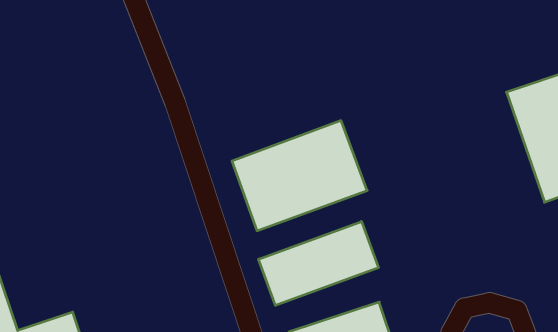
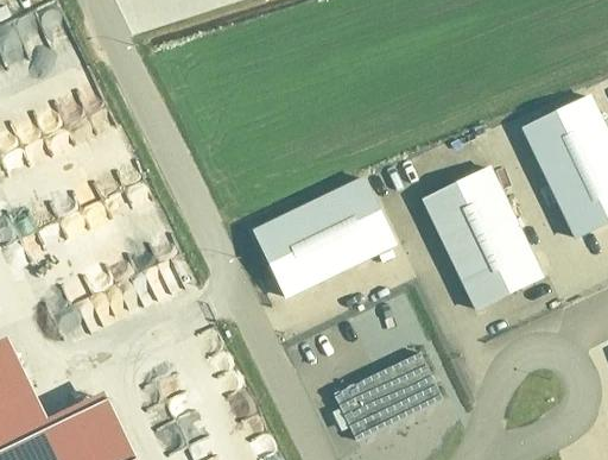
building: none -> [423,166,542,307]
building: [259,221,378,305] -> none

